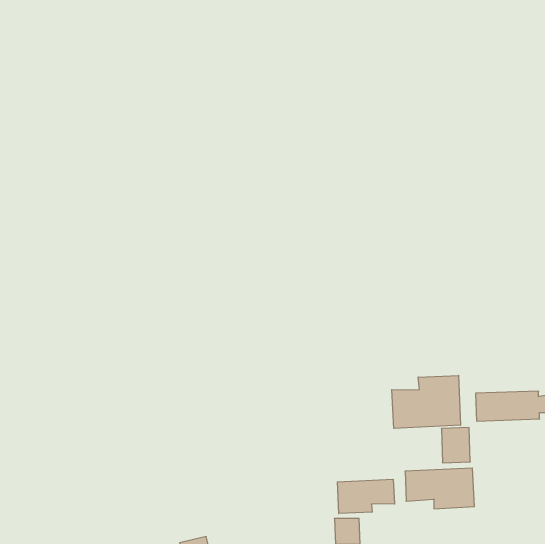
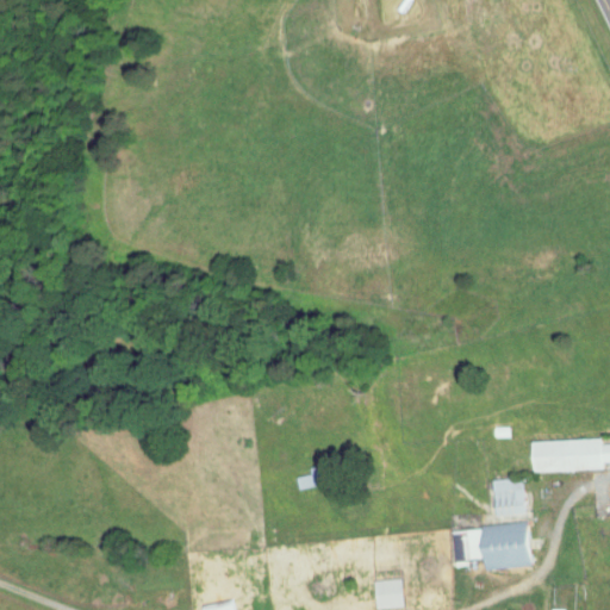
building: [392,375,461,428] -> none
building: [337,479,395,514] -> none

